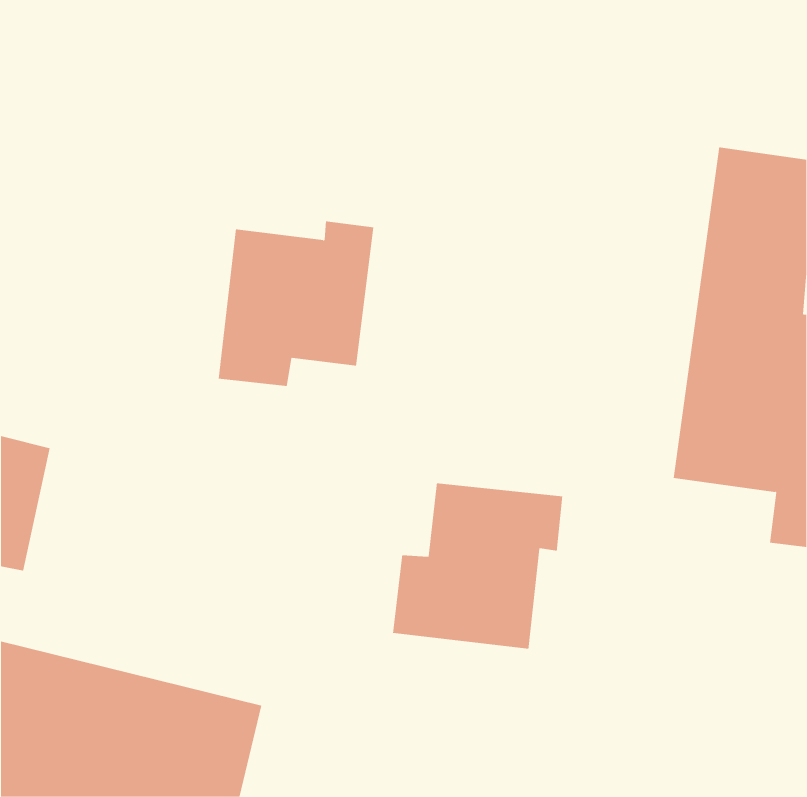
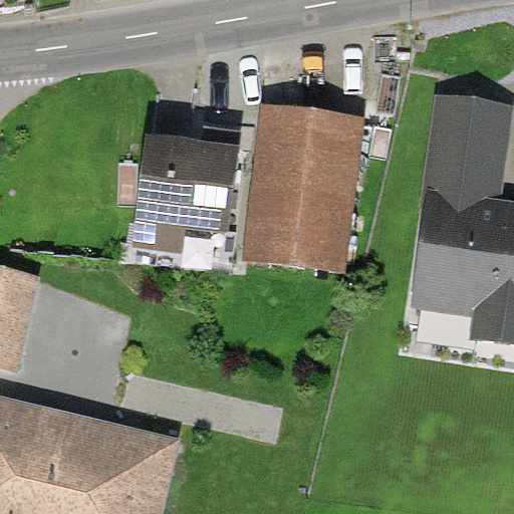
building: none -> [250,111,358,268]
building: [393,482,563,649] -> none

